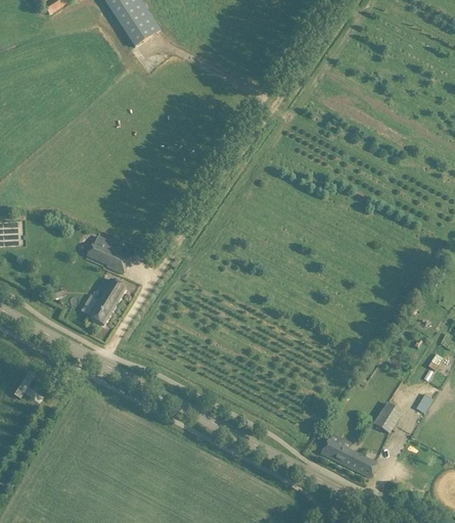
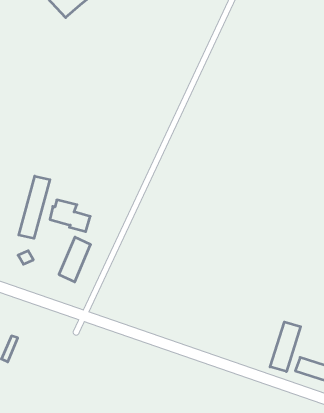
building: none -> [19,176,50,238]
building: none -> [270,322,301,372]

